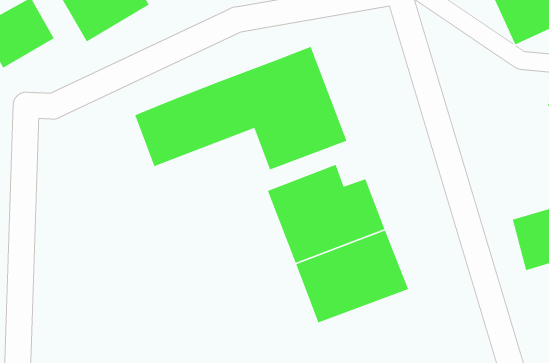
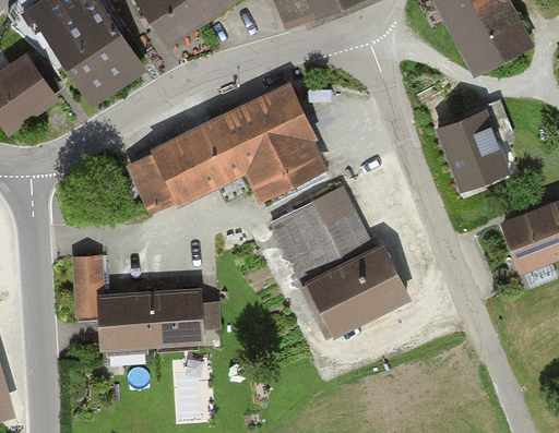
building: none -> [426,99,507,195]
building: none -> [75,258,207,346]

